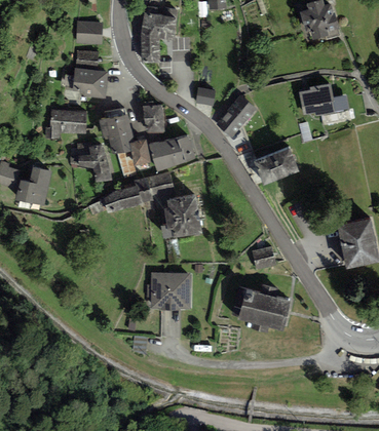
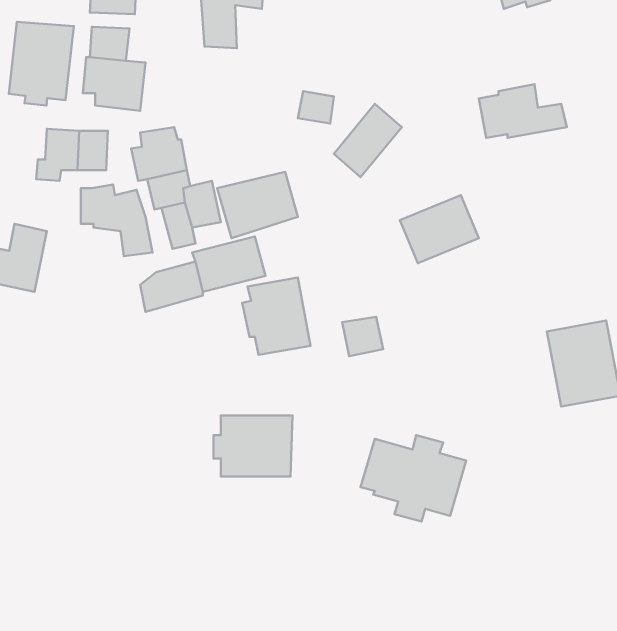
building: none -> [9,22,74,105]
building: [143,104,165,134] -> none
building: [252,246,275,269] -> [342,317,383,356]

